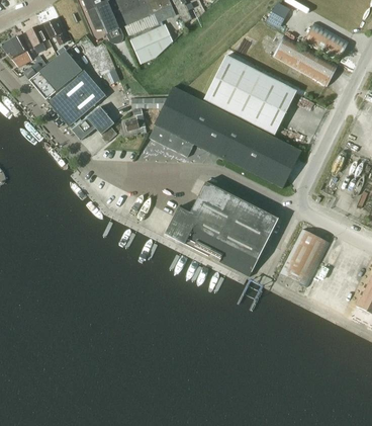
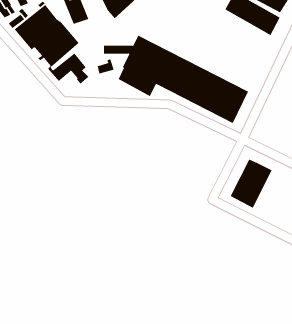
building: [204,55,296,134] -> none
building: [164,180,278,276] -> none

